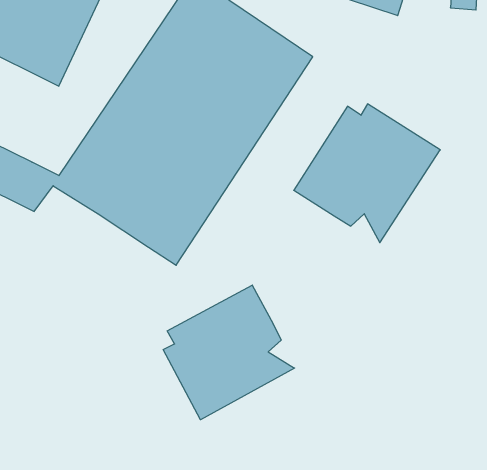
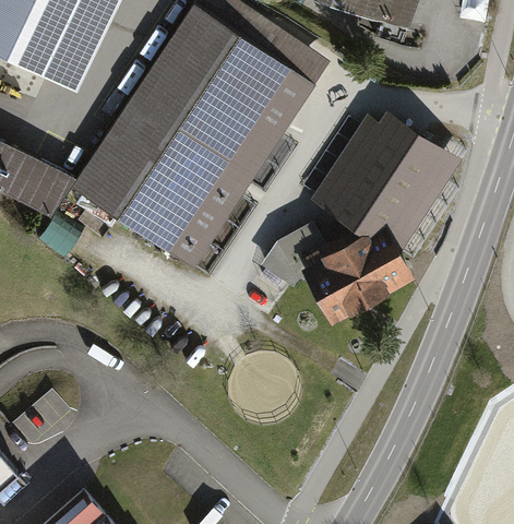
building: none -> [266,219,405,315]
building: [163,285,295,420] -> none

